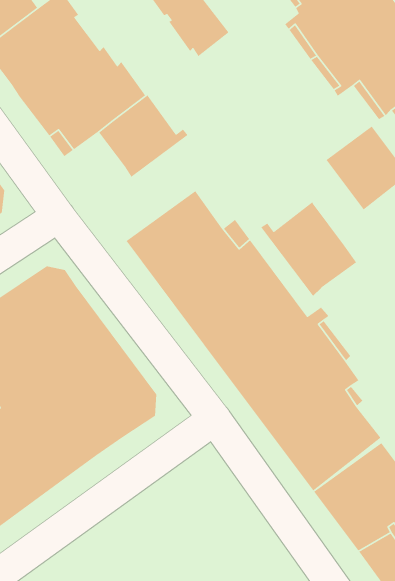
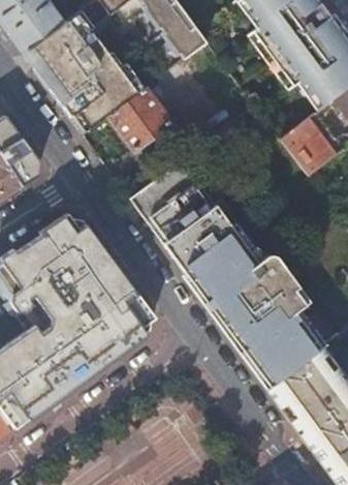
building: [260,201,357,297] -> none

